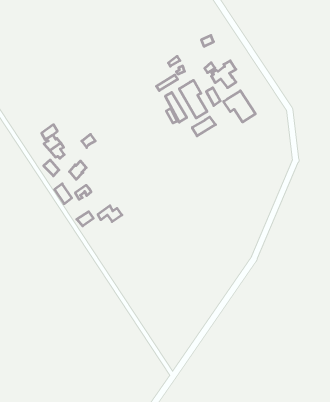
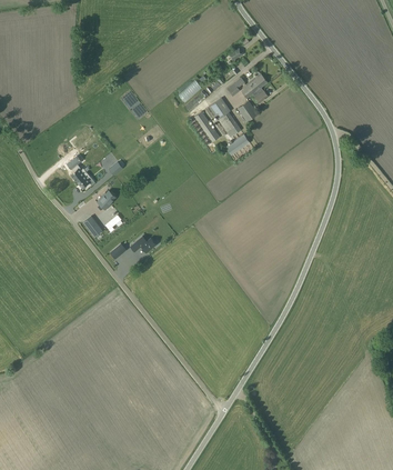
building: [224,91,255,122] -> none

